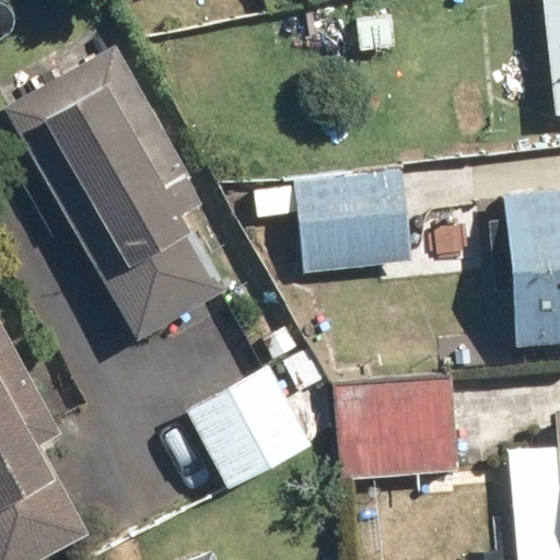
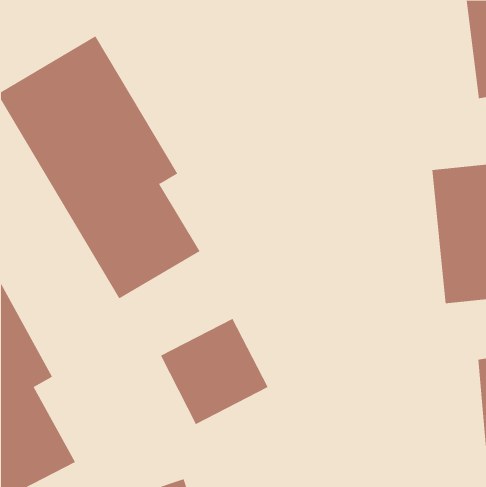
building: [287,167,410,275] -> none
building: [330,375,455,477] -> none

